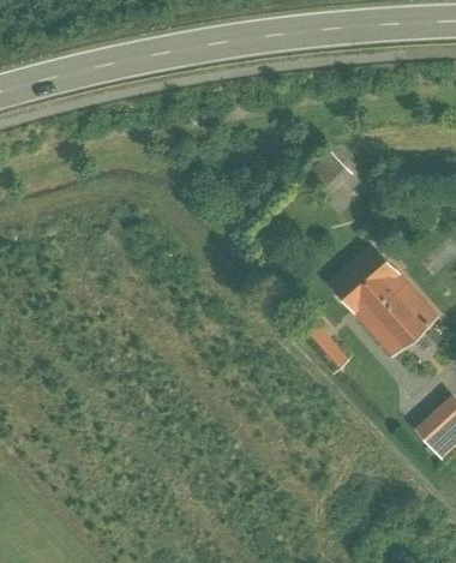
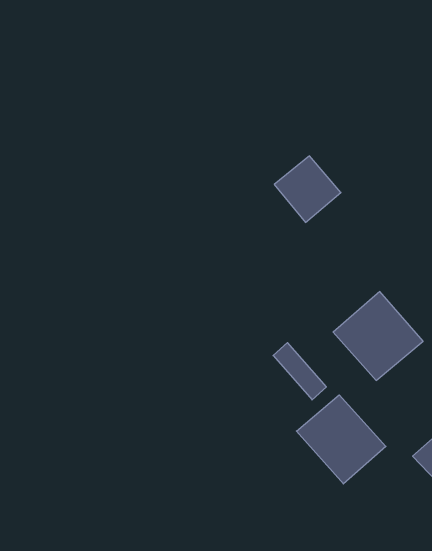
building: [330,246,396,309] -> none
building: none -> [296,395,386,484]

